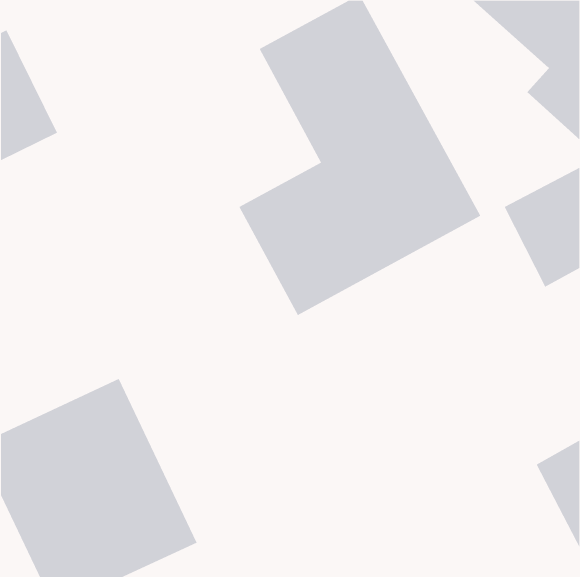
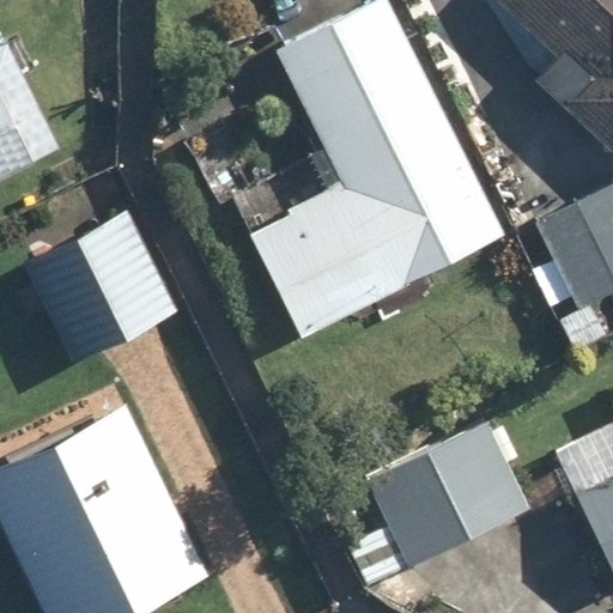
building: none -> [23,205,178,364]
building: none -> [365,419,530,573]

